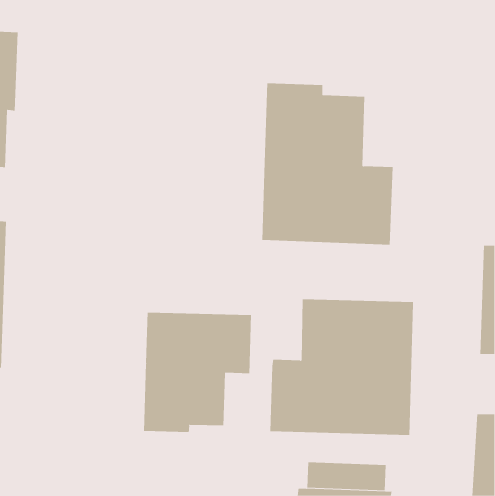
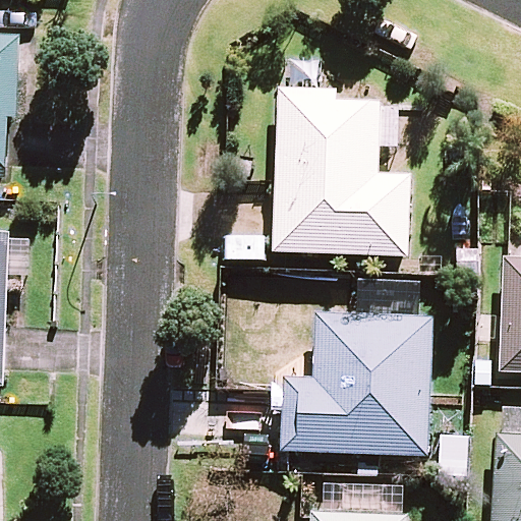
building: [144,312,251,433] -> none

